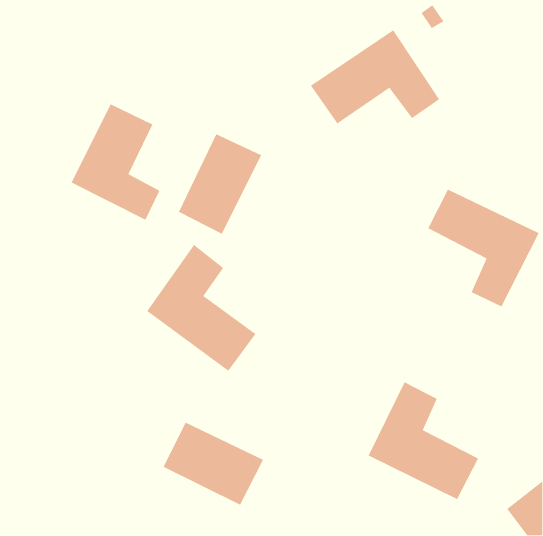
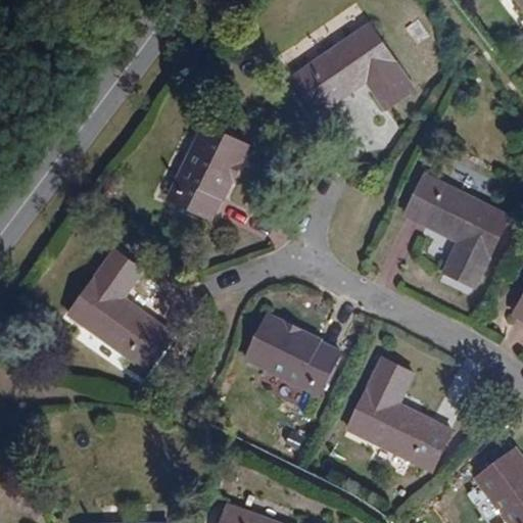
building: [70,103,160,221] -> none
building: [146,244,257,372] -> [66,250,171,371]
building: [162,422,264,506] -> [245,319,341,398]

